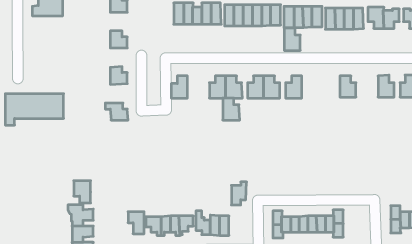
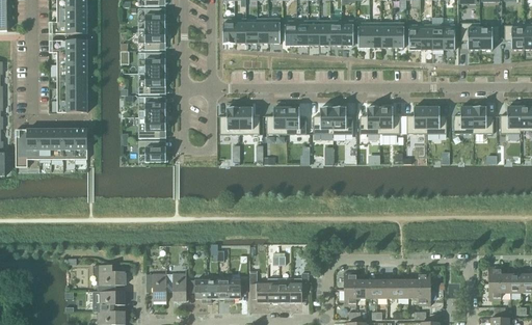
building: none -> [145,29,166,50]
building: none -> [50,39,88,112]
building: [284,28,300,50] -> [380,107,400,134]
building: none -> [139,73,166,93]
building: none -> [407,107,427,134]
building: none -> [454,107,474,133]
building: none -> [139,116,166,138]
building: [223,98,240,120] -> [240,107,261,134]
building: [74,181,91,203] -> [147,273,167,300]
building: [231,182,247,205] -> [291,274,310,302]

